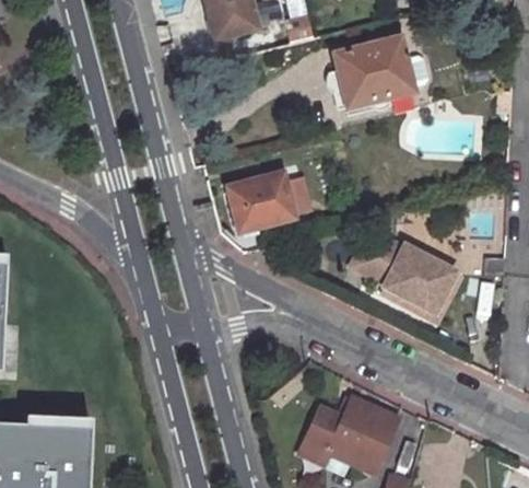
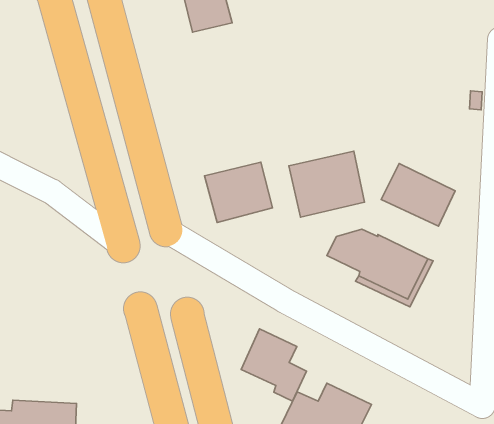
building: [332,38,410,106] -> [289,151,364,217]
building: none -> [381,163,455,226]
building: none -> [241,329,306,401]

